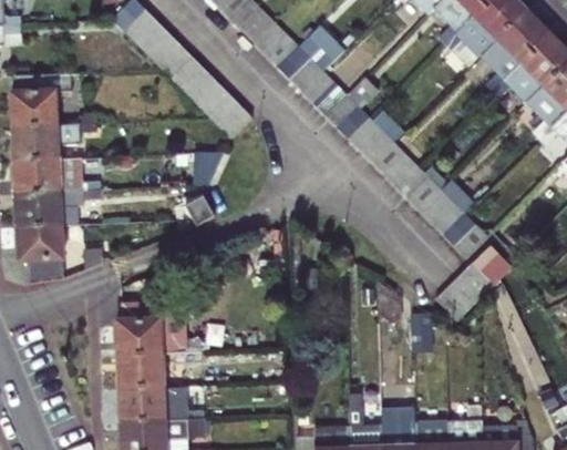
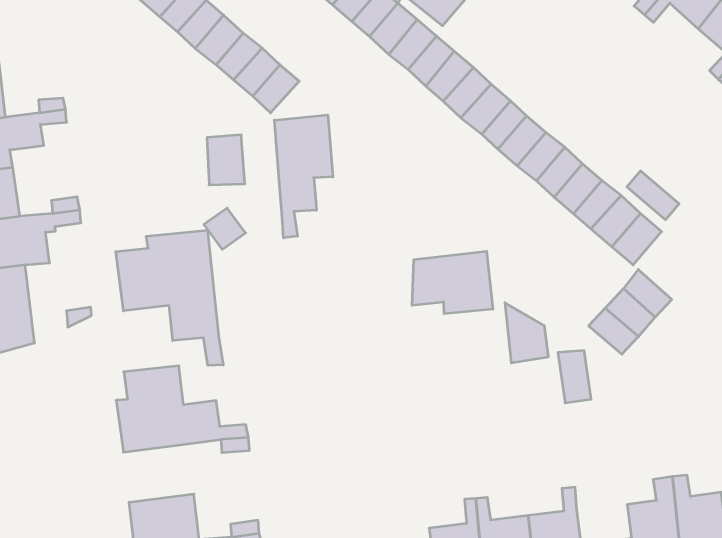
building: none -> [274,115,333,238]
building: none -> [116,230,223,365]
building: none -> [412,251,493,314]
building: [116,357,162,393] -> none

